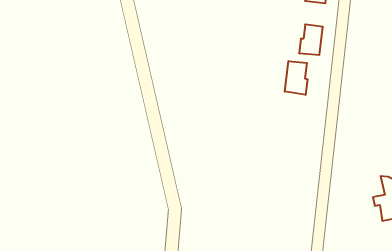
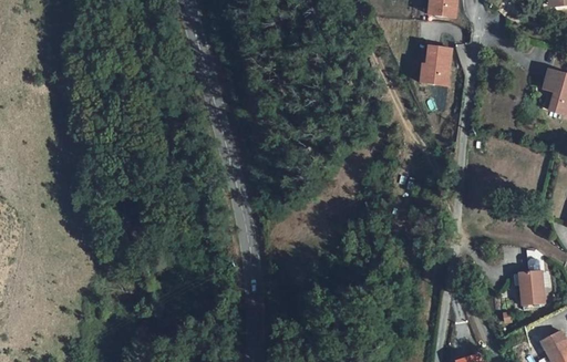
building: [285,61,308,95] -> none

